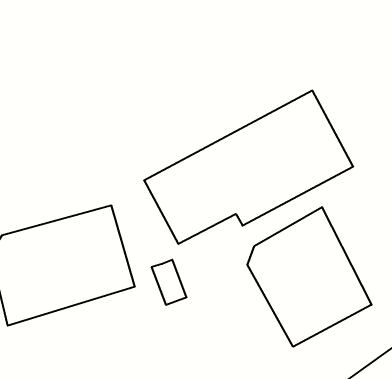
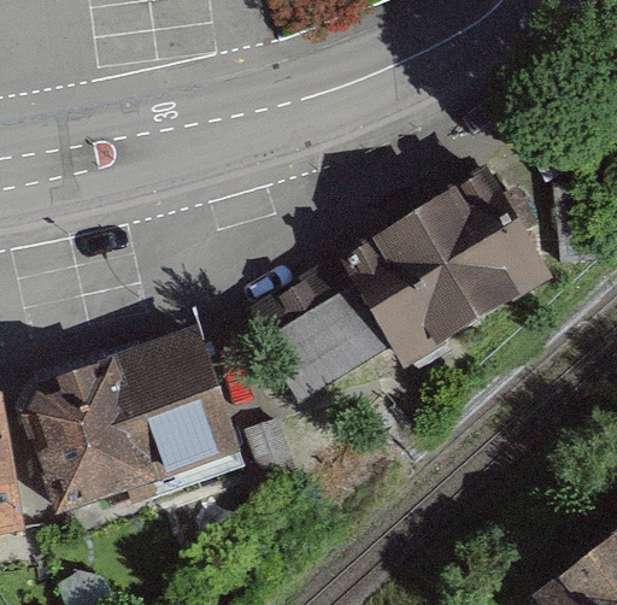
building: [247,207,372,347] -> none

